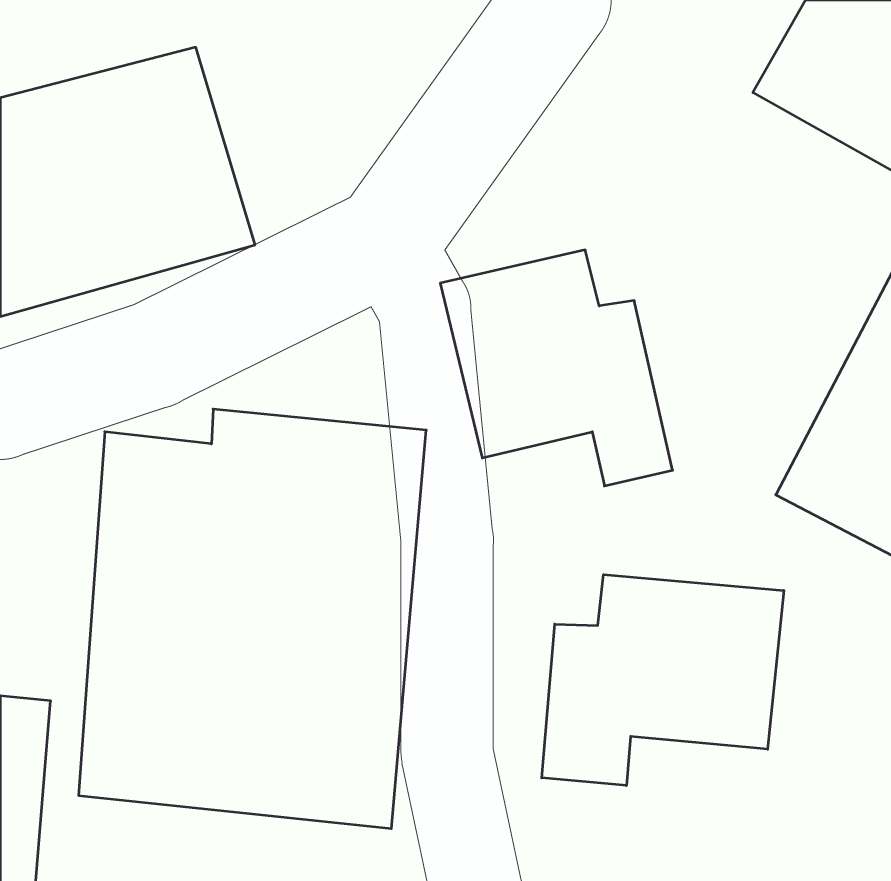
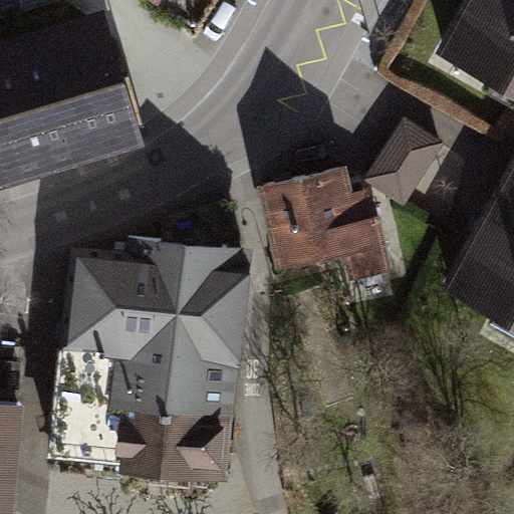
building: none -> [365,125,444,208]
building: [542,575,784,786] -> none

